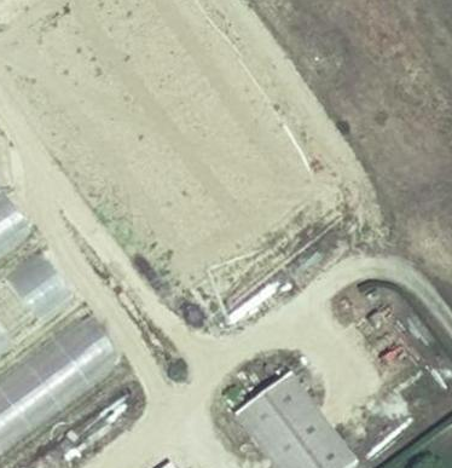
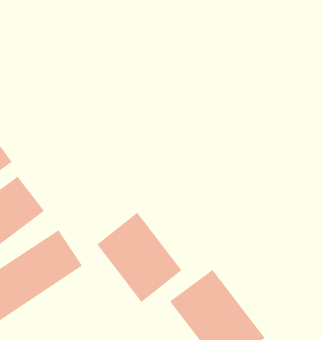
building: none -> [96,212,182,303]

